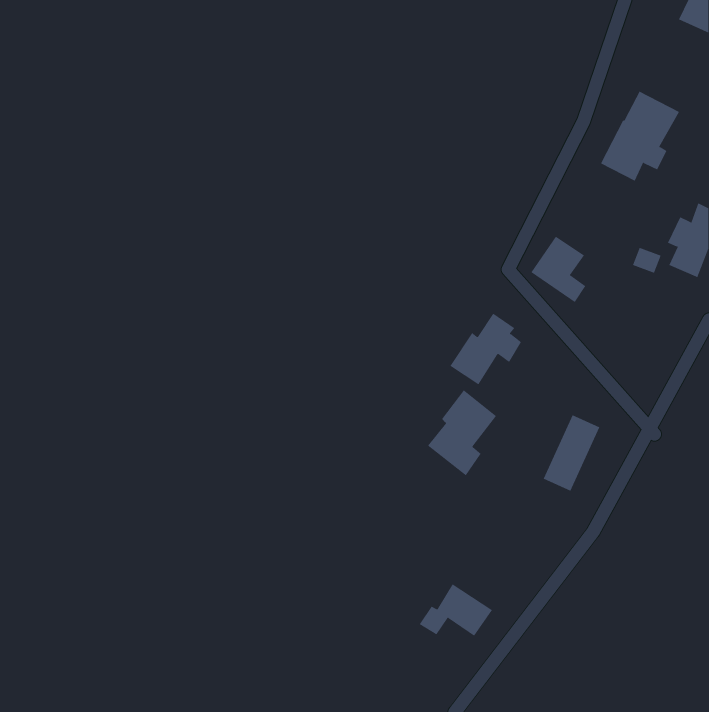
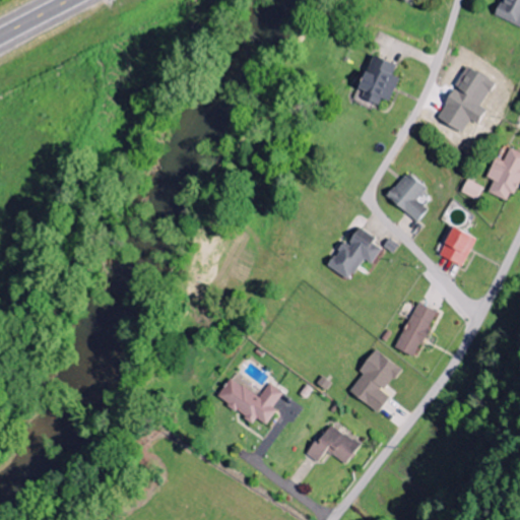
building: none -> [360,55,397,105]
building: none -> [439,228,475,266]
building: [427,390,497,476] -> [348,349,399,412]
building: none -> [215,377,282,424]

